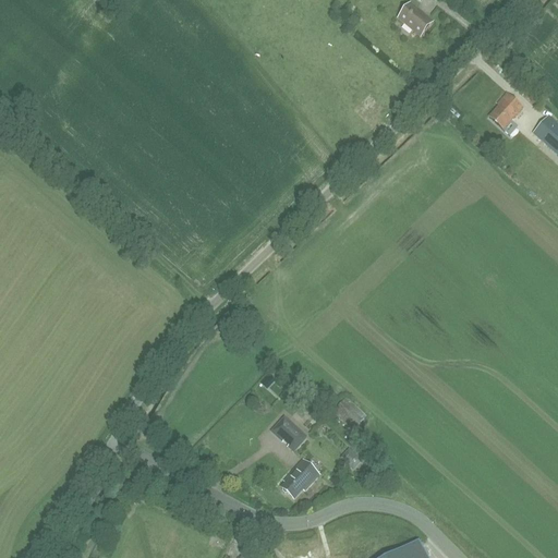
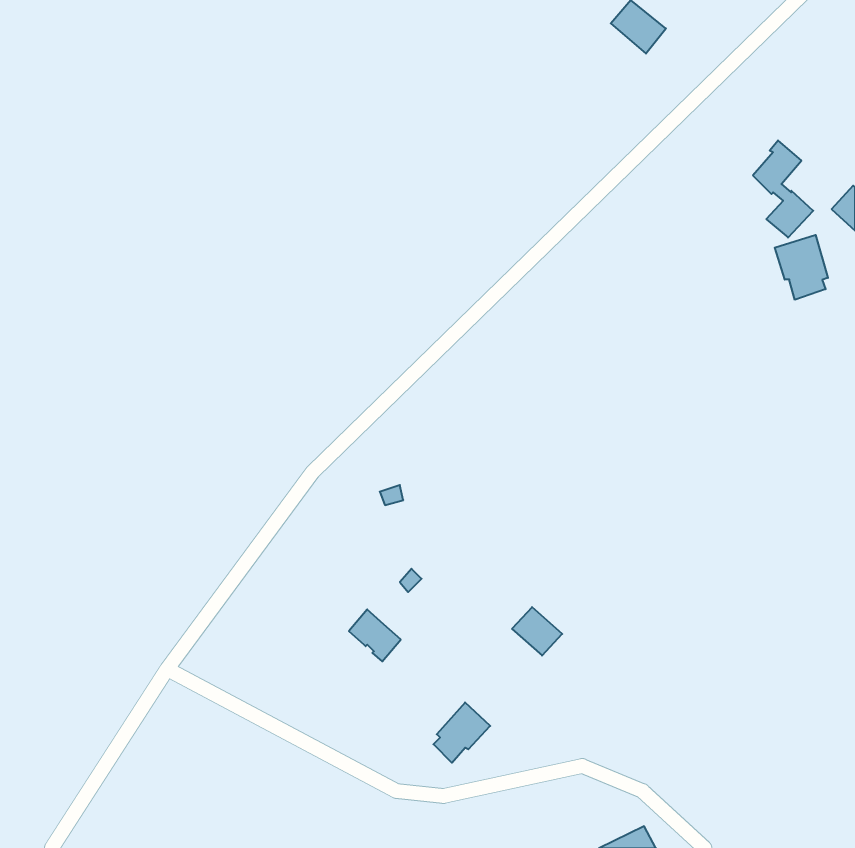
building: none -> [775,235,828,300]
building: [272,415,306,449] -> [349,609,401,661]

